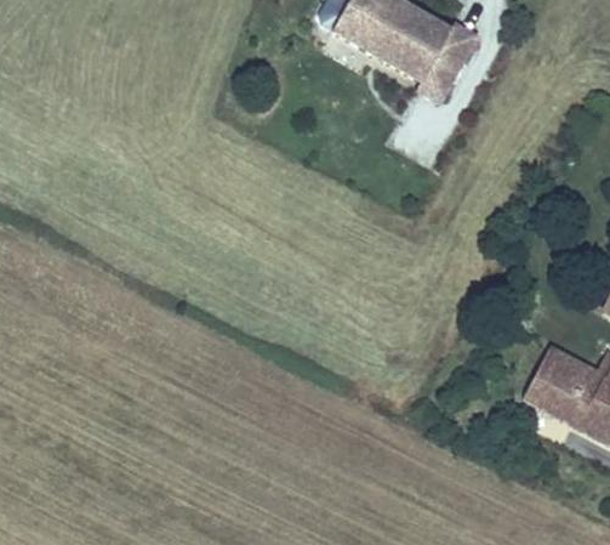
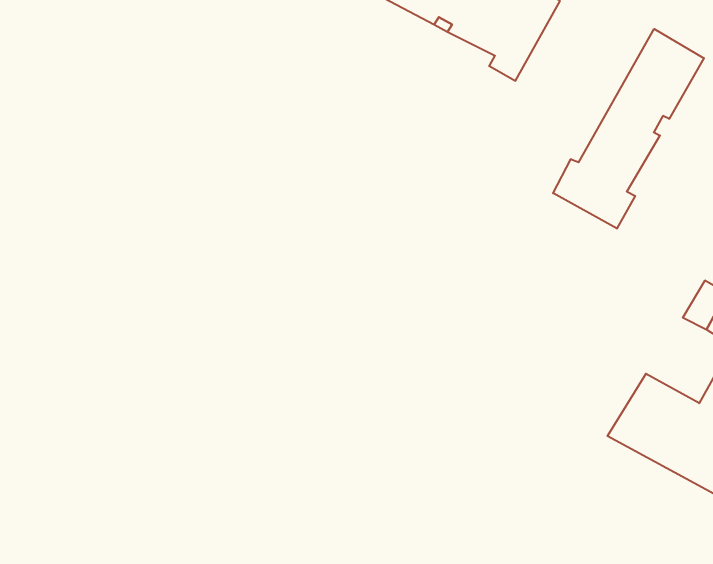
building: none -> [553,29,704,229]

